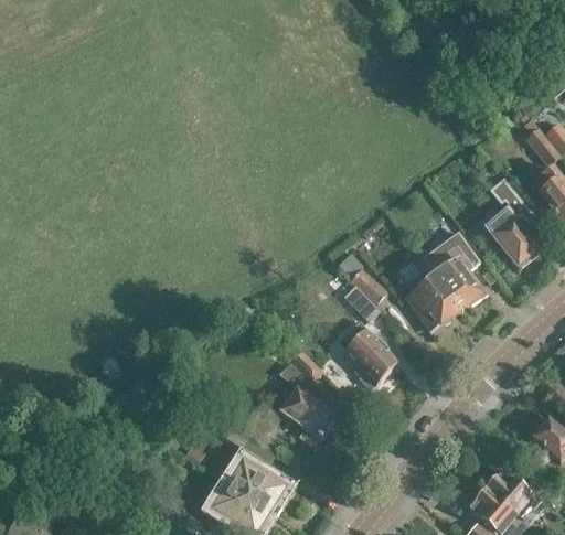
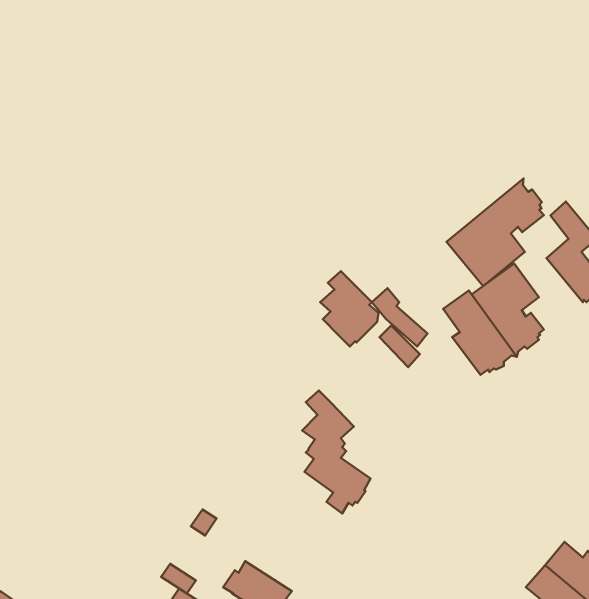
building: none -> [447,178,544,286]
building: [344,323,394,387] -> [320,271,378,346]
building: [221,434,284,511] -> none

